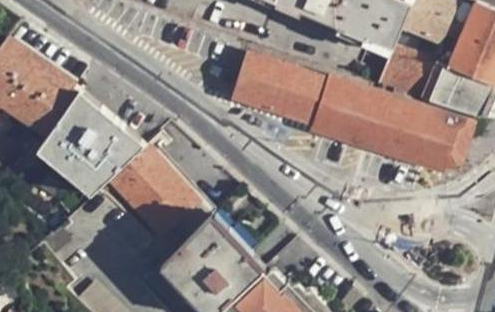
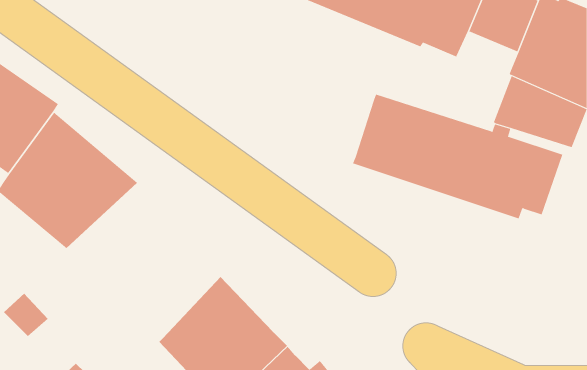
building: [377,47,435,98] -> none
building: [234,54,328,125] -> none
building: [109,146,212,265] -> none

